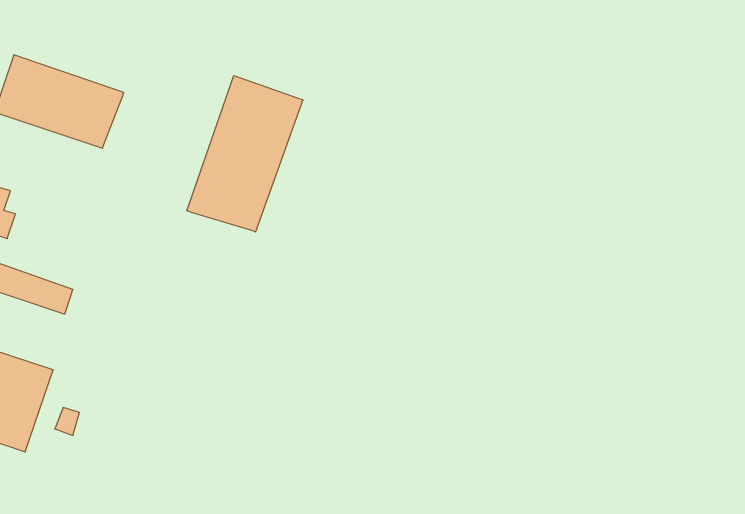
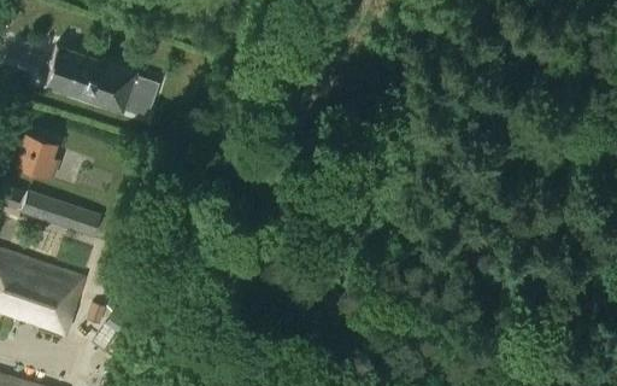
building: [187,76,303,232] -> none
building: none -> [123,75,159,117]

